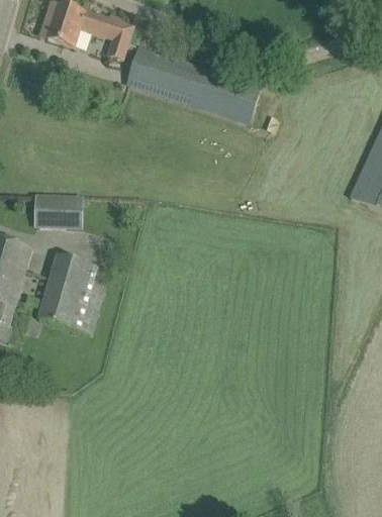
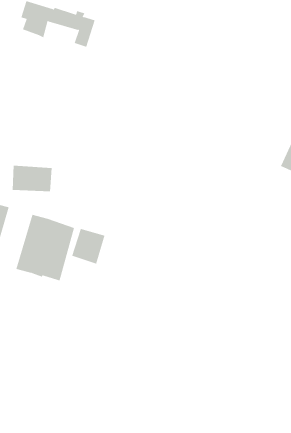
building: [128,46,260,122] -> none
building: none -> [71,228,105,264]

